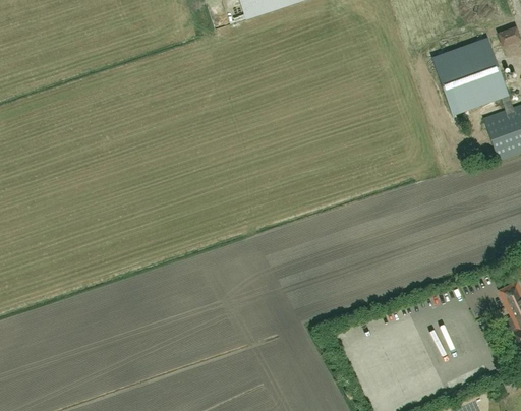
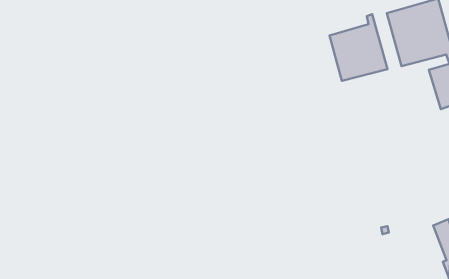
building: none -> [329,14,387,81]

